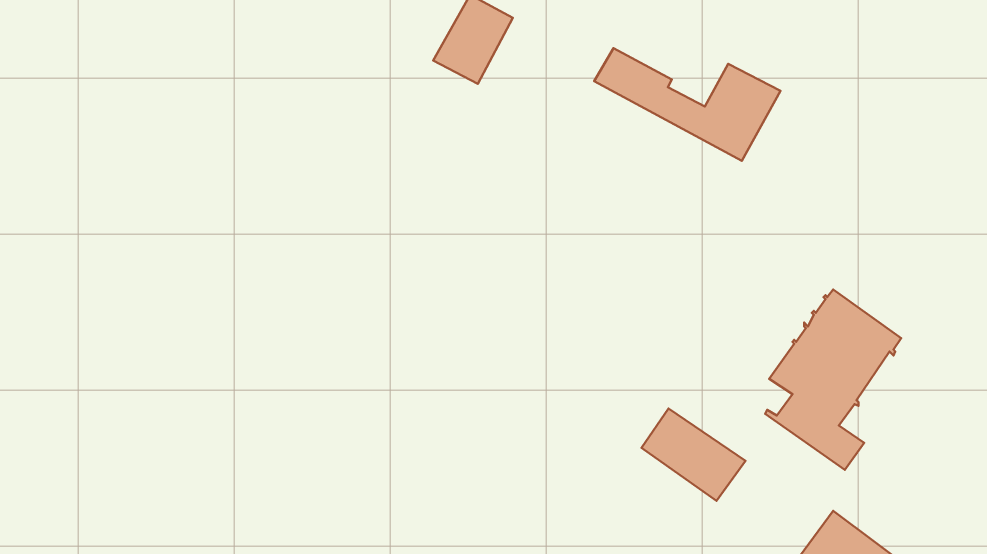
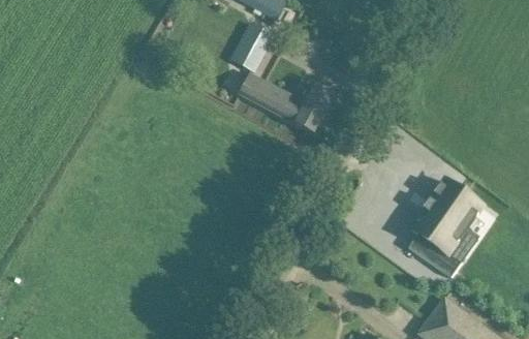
building: [594,48,781,161] -> [239,75,338,135]
building: [642,408,745,501] -> none

